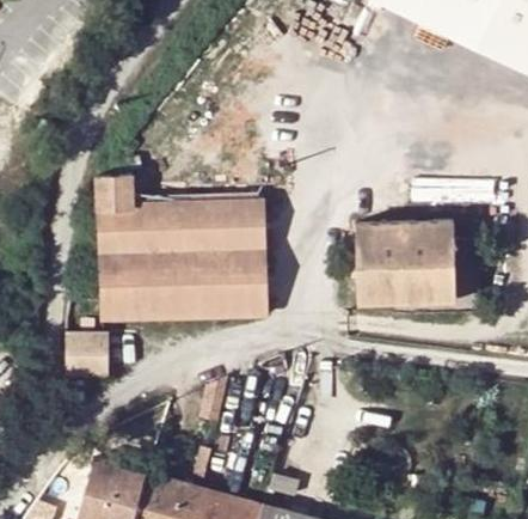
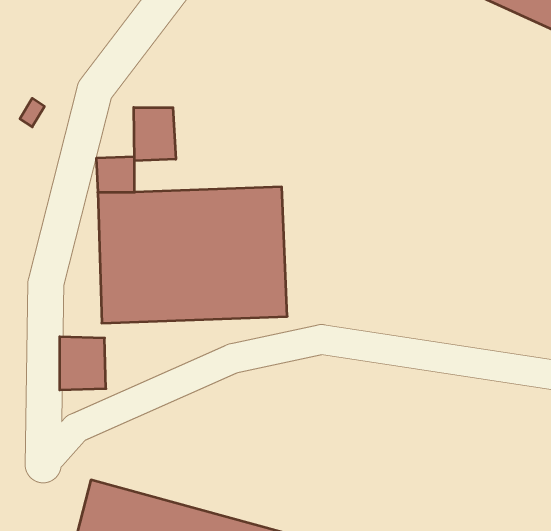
building: none -> [134,107,176,161]
building: [357,221,455,304] -> none

